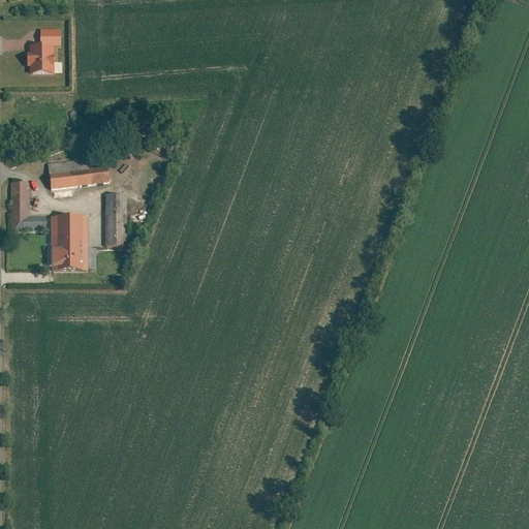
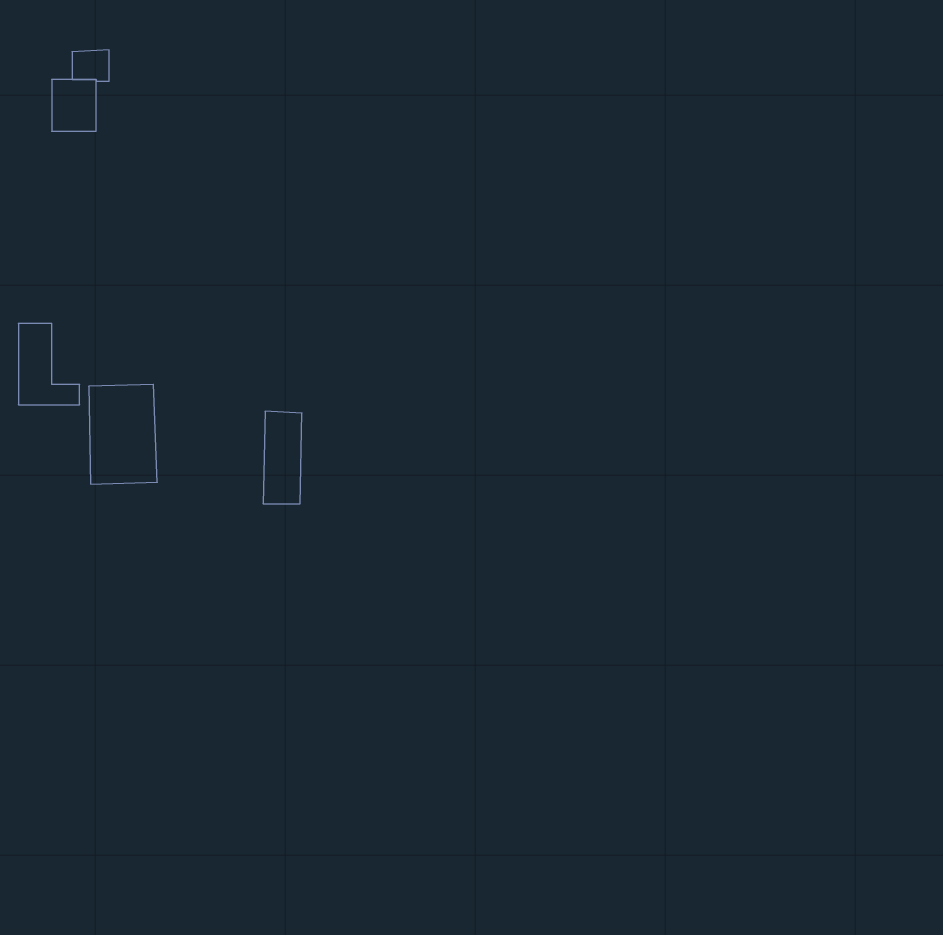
building: [48,158,107,186] -> none
building: [104,193,126,245] -> [263,411,302,504]

